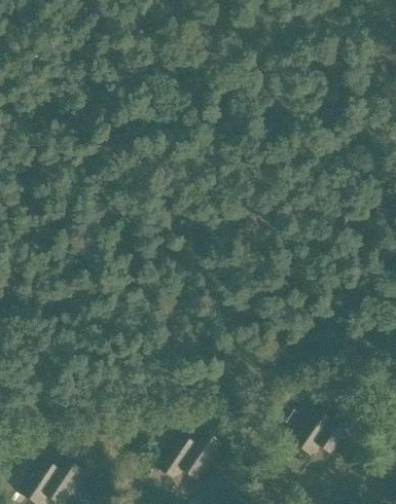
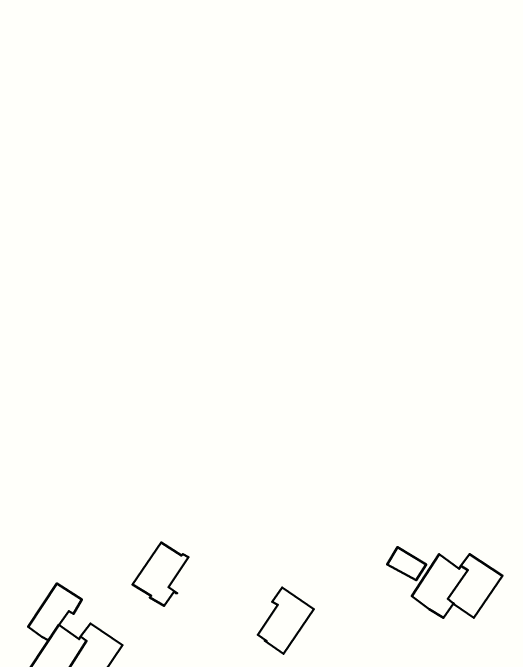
building: none -> [28,583,82,640]
building: [160,439,201,484] -> [133,543,189,606]

